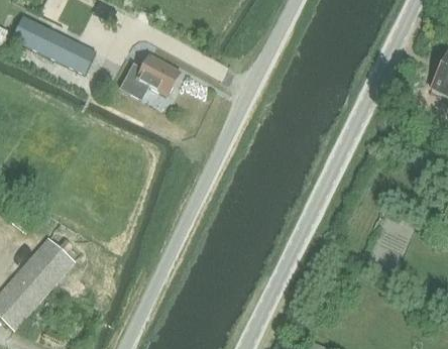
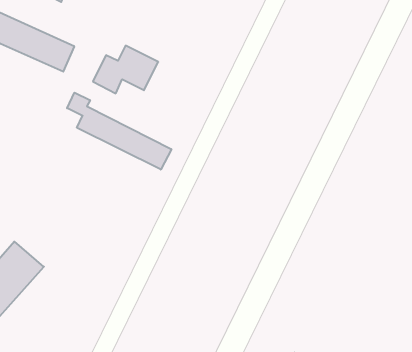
building: none -> [67,93,171,170]

